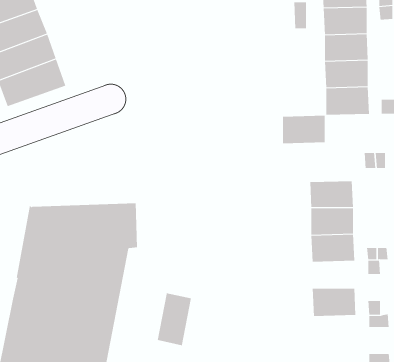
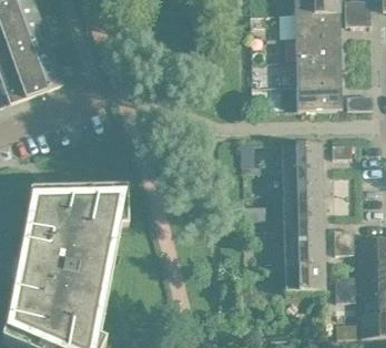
building: [282,115,325,144] -> [282,144,321,170]
building: none -> [284,240,323,265]
building: [157,292,192,346] -> none

